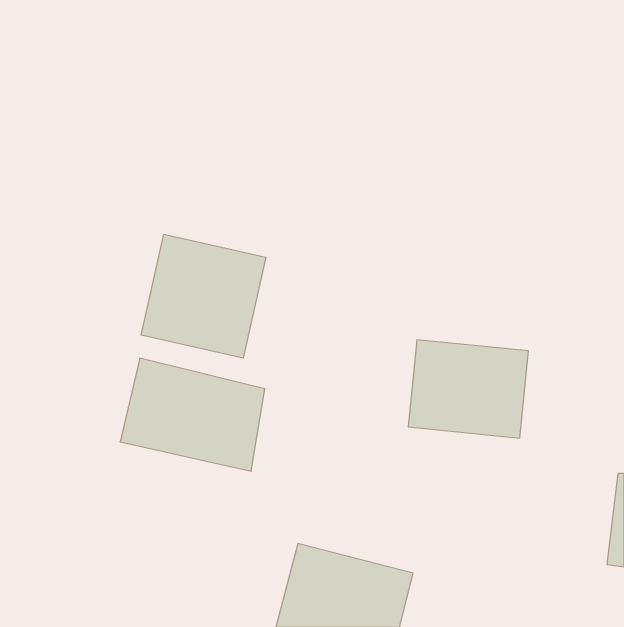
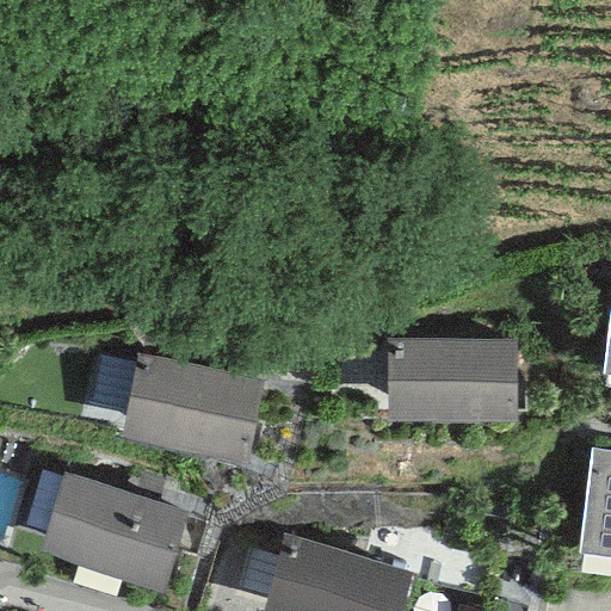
building: [141,234,266,358] -> none
building: none -> [21,467,191,599]

